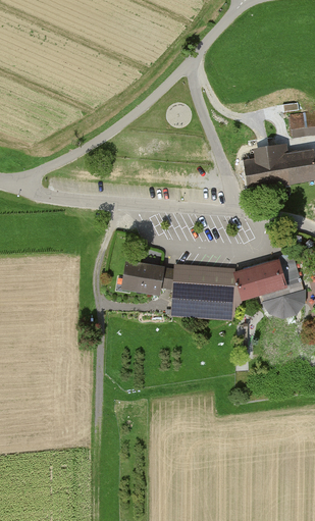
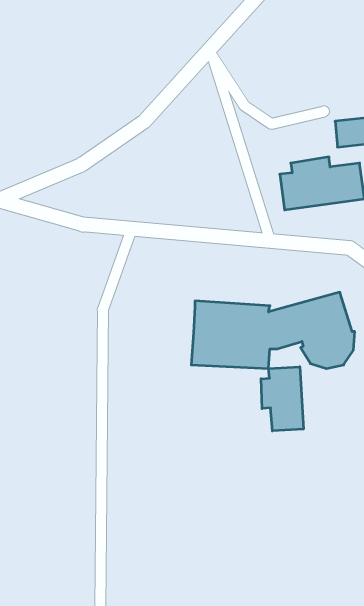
building: [120,260,173,298] -> none
building: none -> [261,367,303,431]

